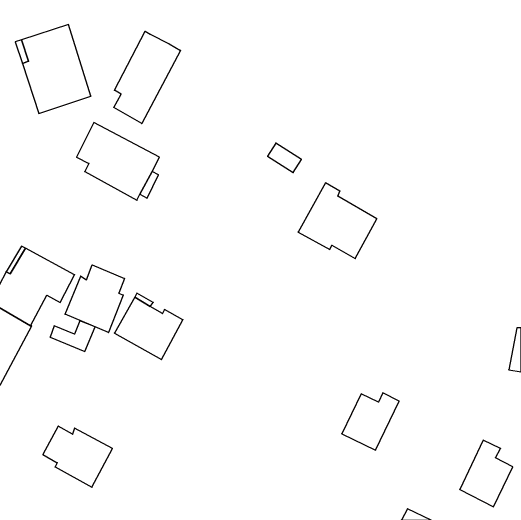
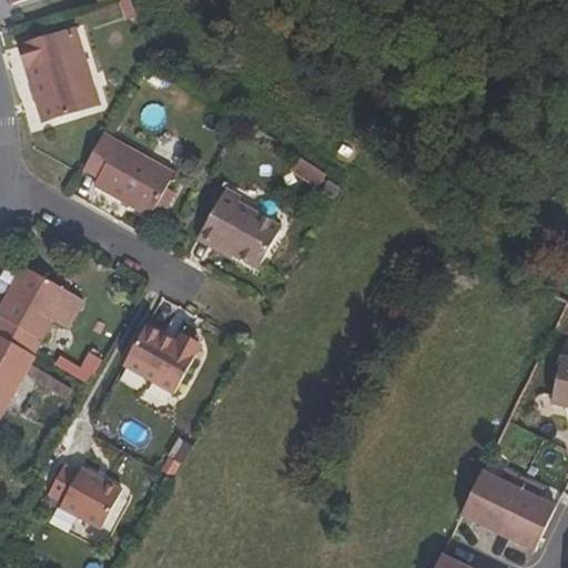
building: [114,31,181,124] -> none
building: [298,183,377,259] -> [195,186,281,268]
building: [65,265,124,333] -> none
building: [342,393,399,450] -> [463,469,525,531]

